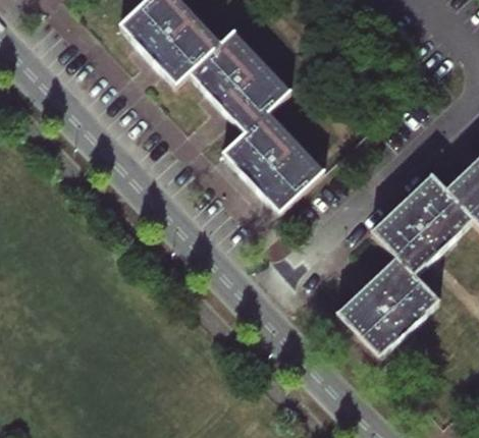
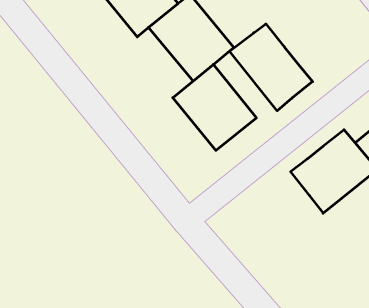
building: none -> [230,24,313,111]
building: [337,257,436,357] -> none

